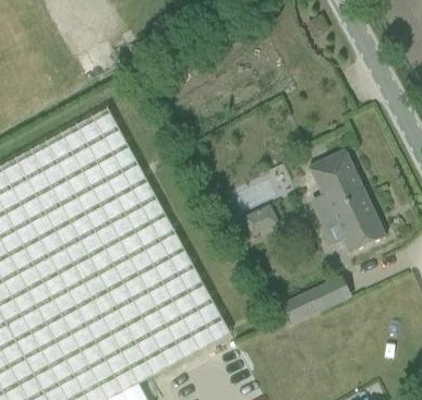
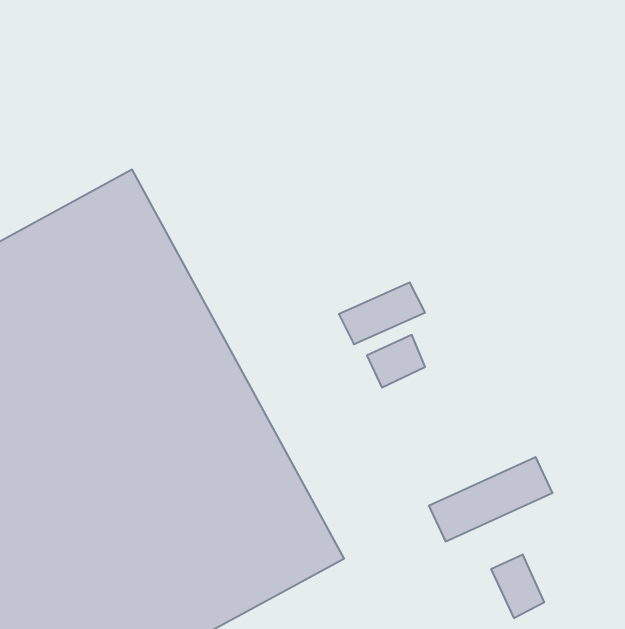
building: [308,150,385,255] -> none
building: none -> [491,554,544,618]

